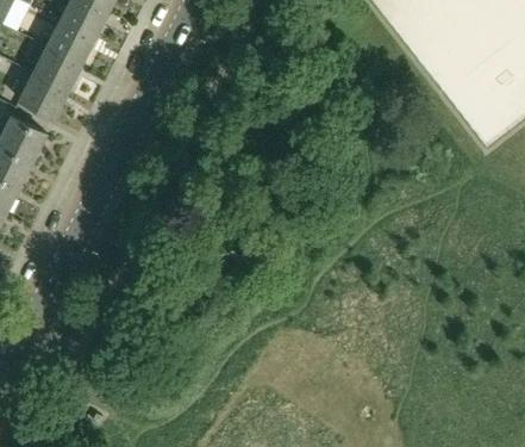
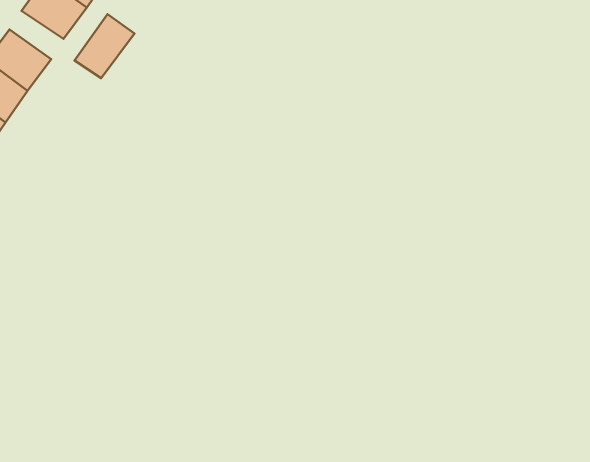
building: none -> [74,14,135,78]

